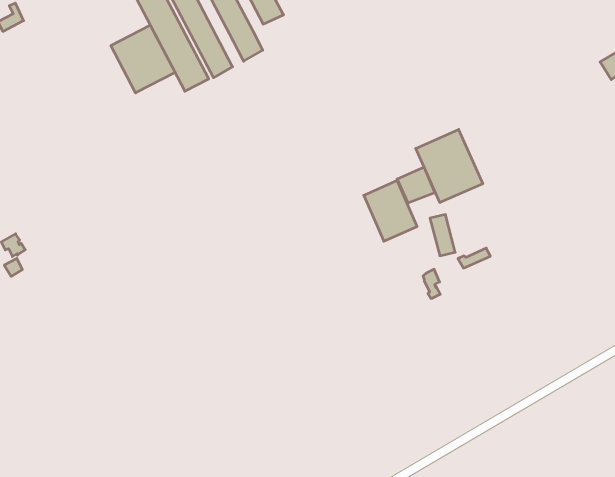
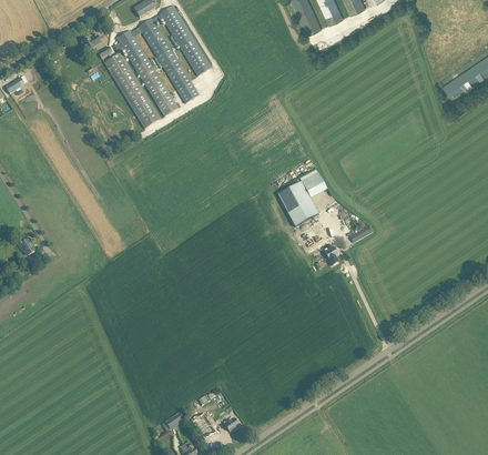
building: [111,25,175,93] -> none
building: [416,129,483,203] -> none

